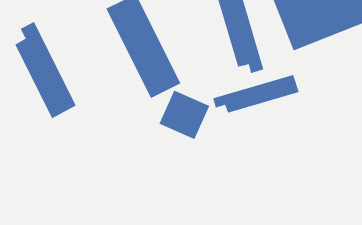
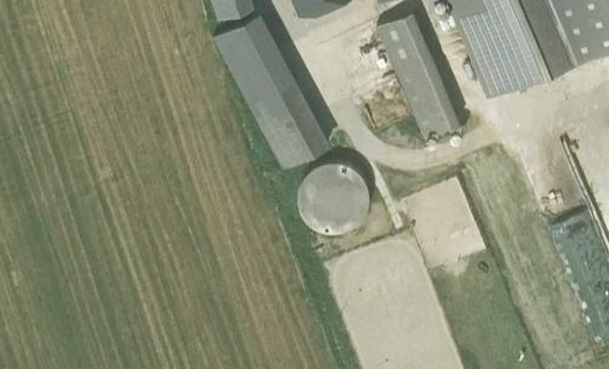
building: [14,21,77,119] -> none
building: [212,74,300,113] -> none

